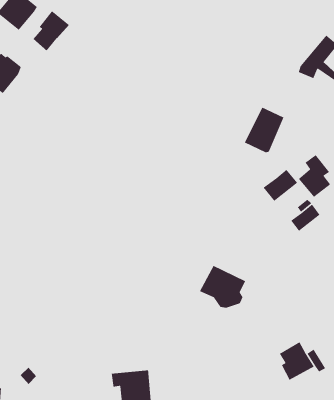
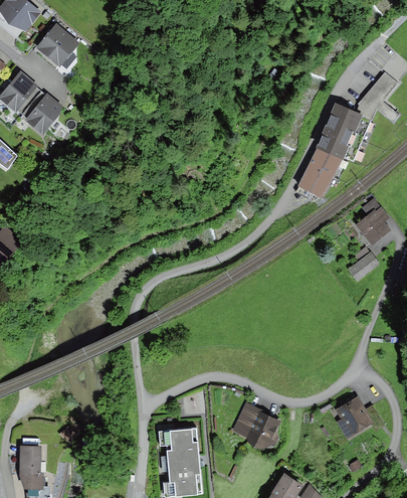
building: [33,10,70,52] -> none
building: none -> [317,103,372,161]
building: [263,169,298,202] -> none
building: [199,265,246,308] -> [231,402,281,449]

